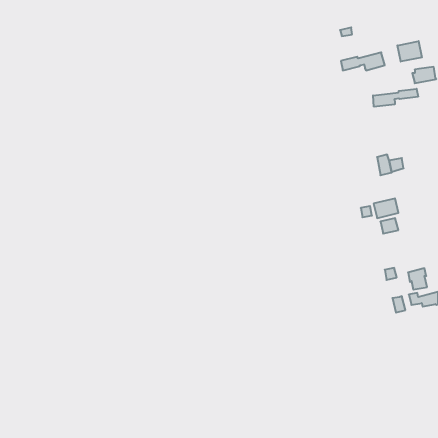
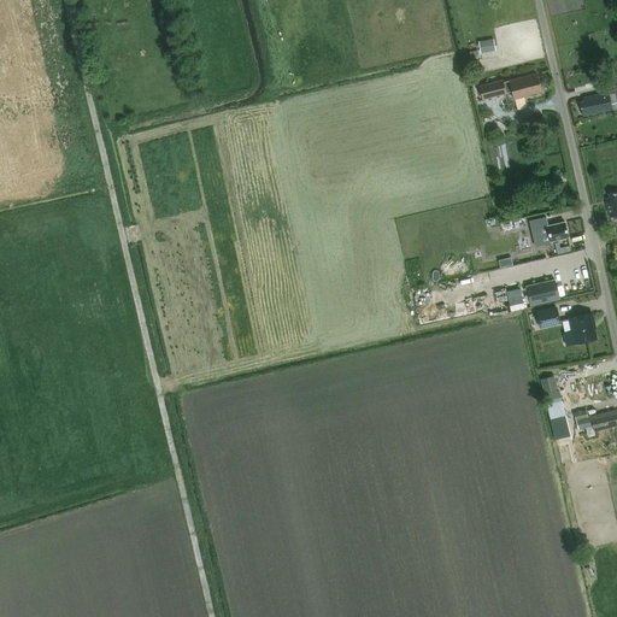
building: [397,41,422,62] -> none
building: [373,89,418,107] -> none
building: [408,268,427,290] -> [568,313,594,343]

